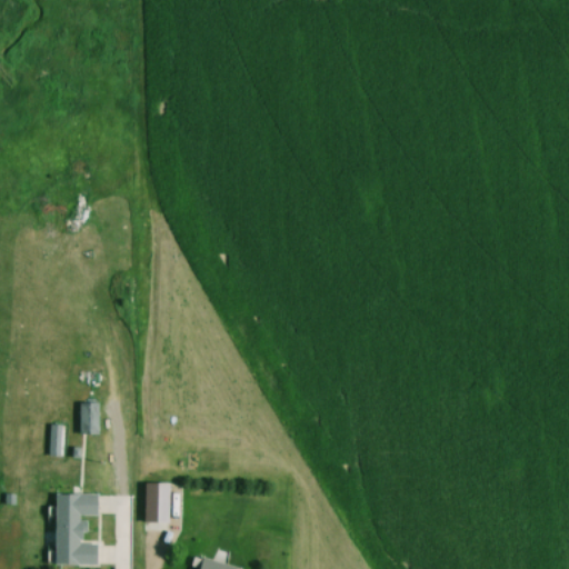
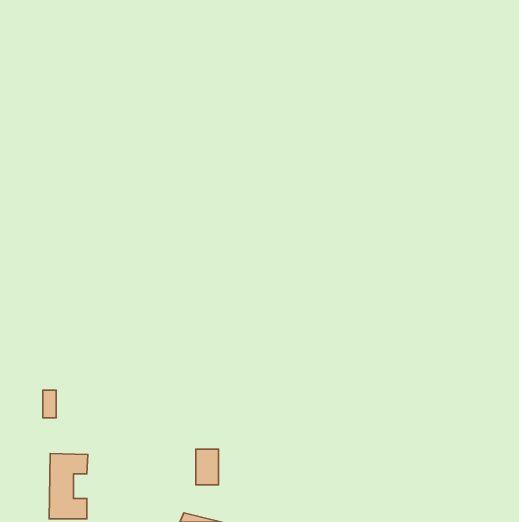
building: [81,401,100,433] -> none
building: [146,483,170,522] -> [196,449,218,485]

